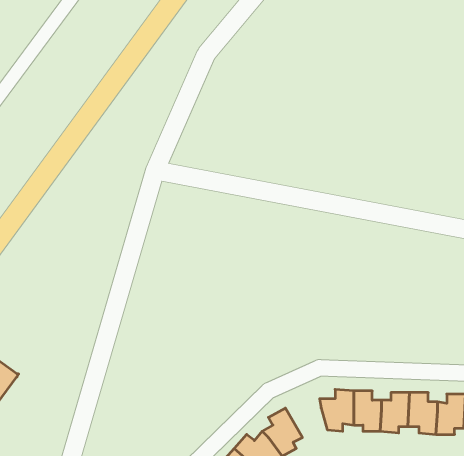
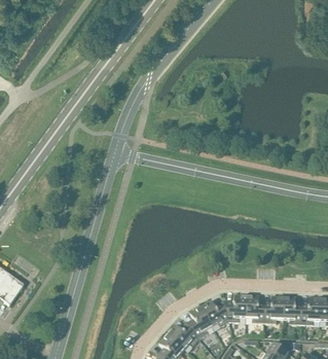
building: none -> [201,300,228,326]

